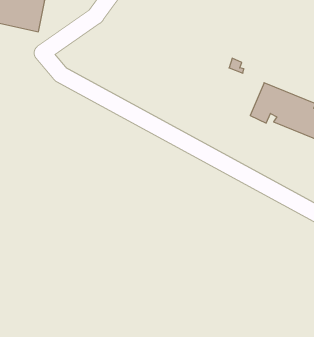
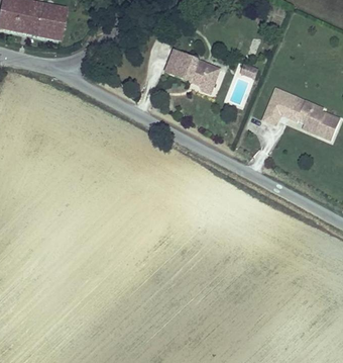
building: none -> [163,49,223,96]

